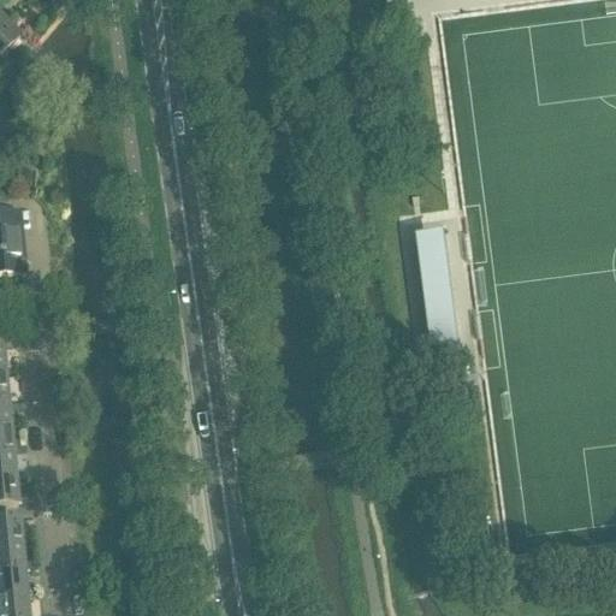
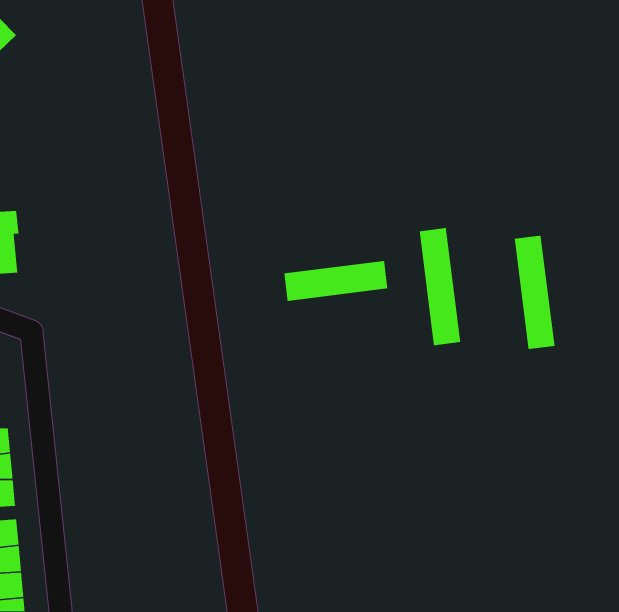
building: none -> [514,235,555,350]
building: none -> [283,260,388,302]

